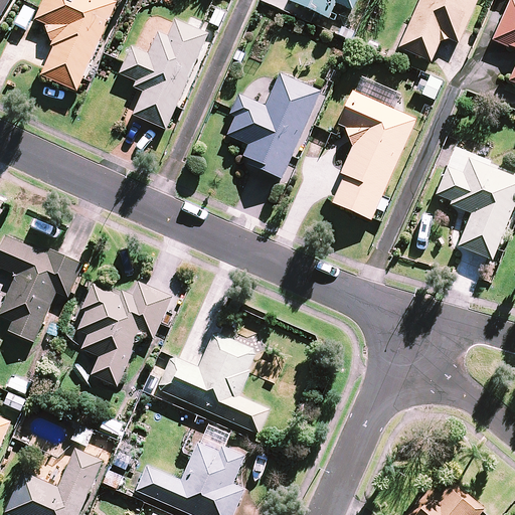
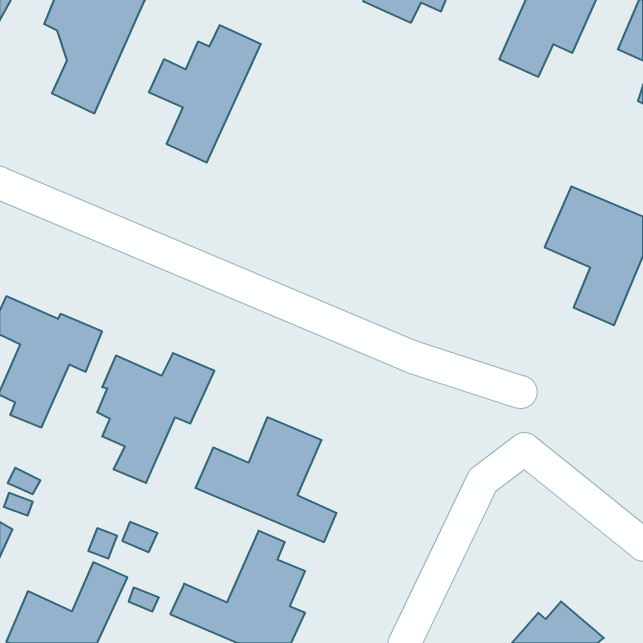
building: [227,74,322,179] -> none
building: [332,79,414,219] -> none

